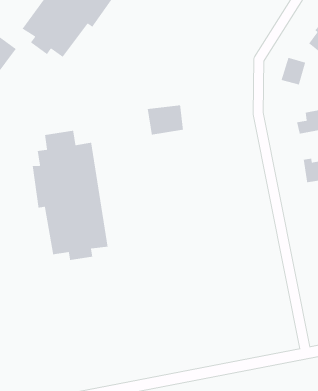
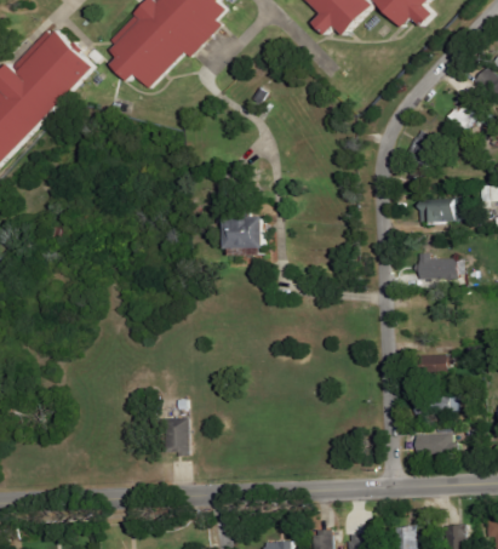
building: [147,104,184,135] -> [227,216,268,248]
building: [32,130,108,261] -> none
building: none -> [161,417,187,453]

